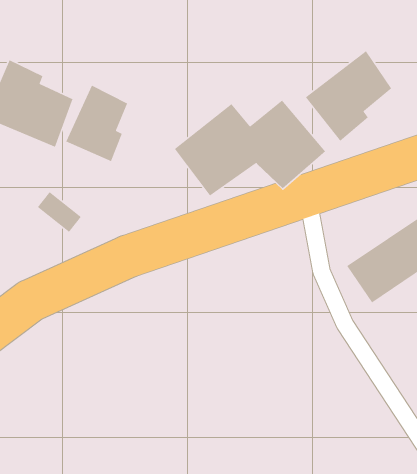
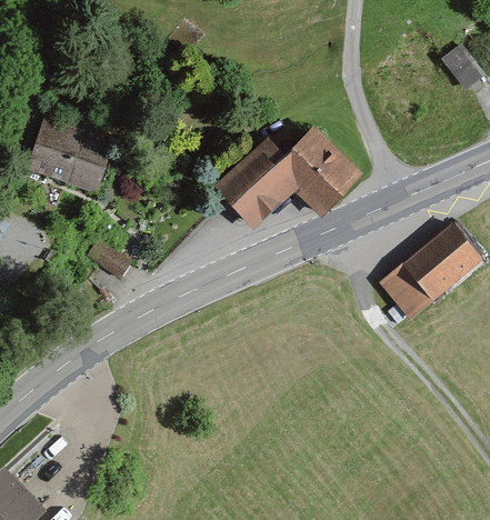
building: [305,50,392,142] -> none
building: [65,84,128,162] -> none

